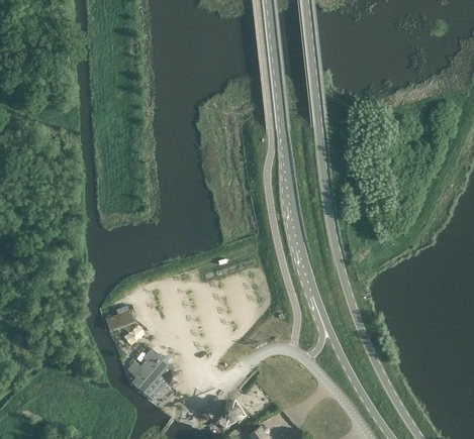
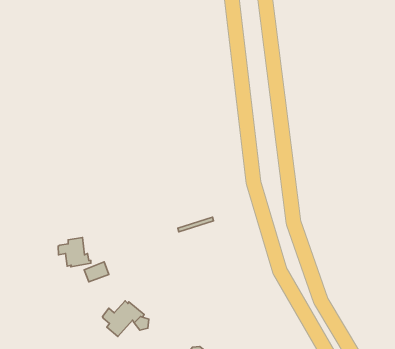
building: none -> [58,237,91,267]

